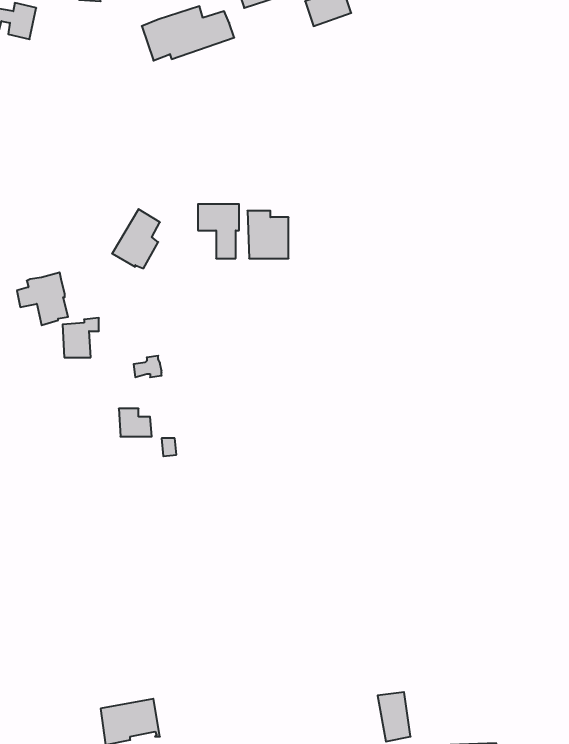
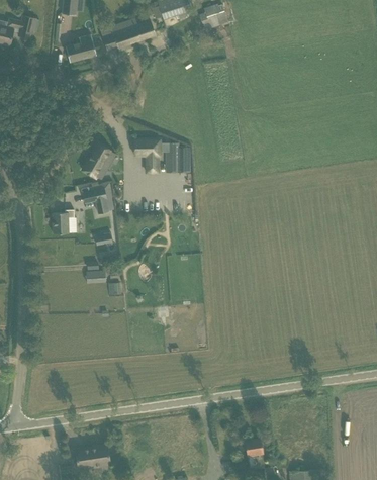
building: none -> [66,33,96,62]
building: [17,272,68,325] -> [83,181,114,213]

